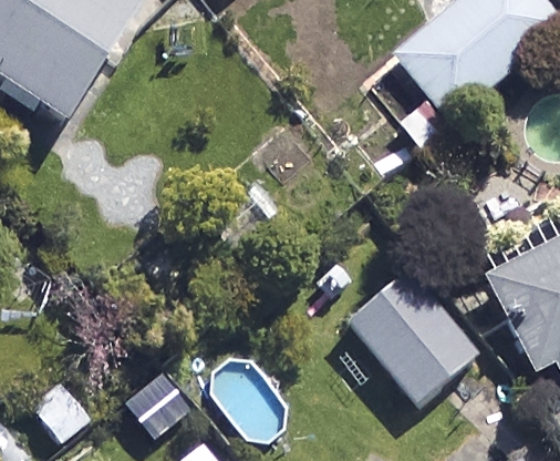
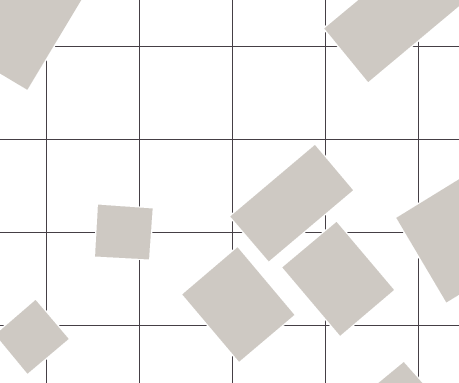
building: none -> [229,144,354,263]
building: none -> [181,246,296,363]

